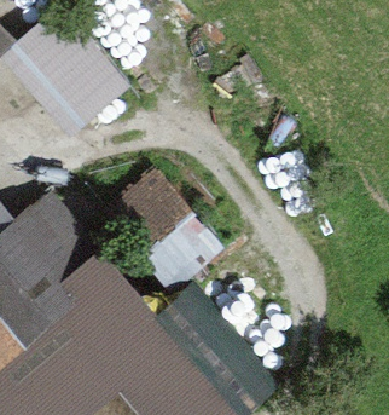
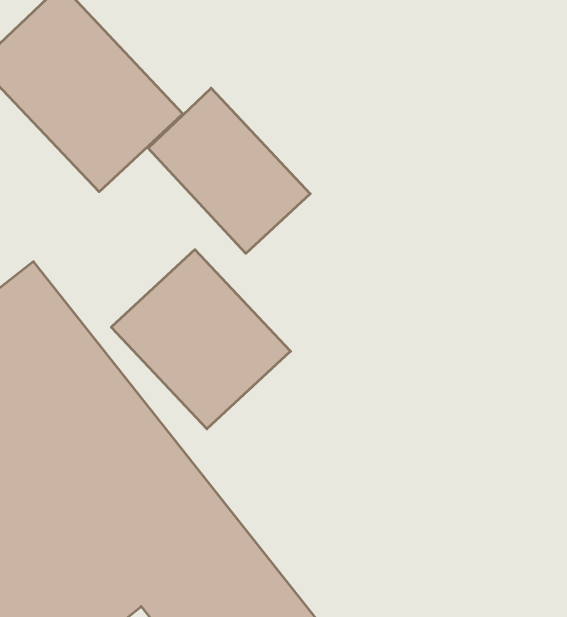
building: none -> [148,88,310,253]

